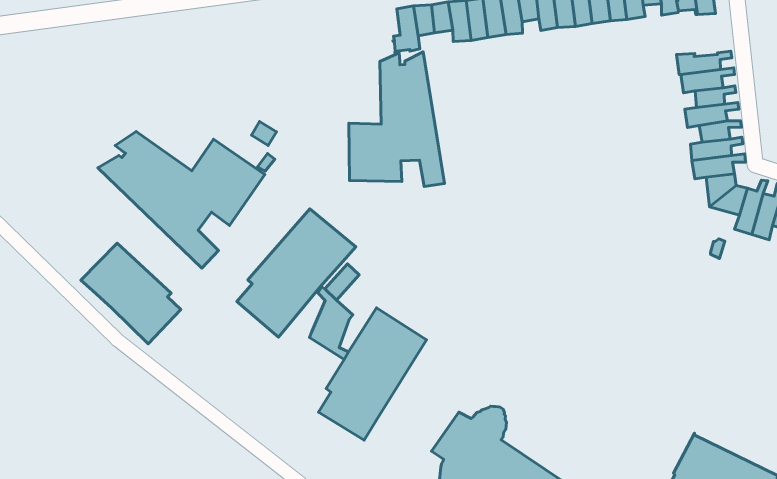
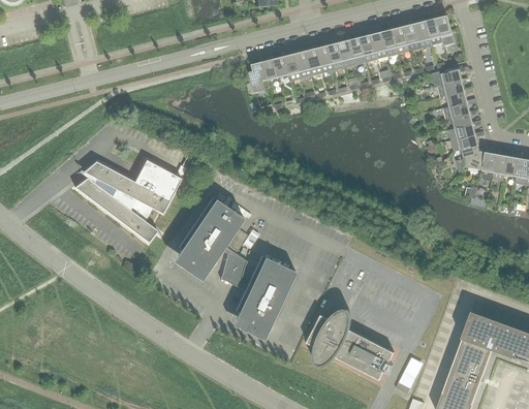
building: [349,52,444,186] -> none
building: [81,243,181,344] -> none

